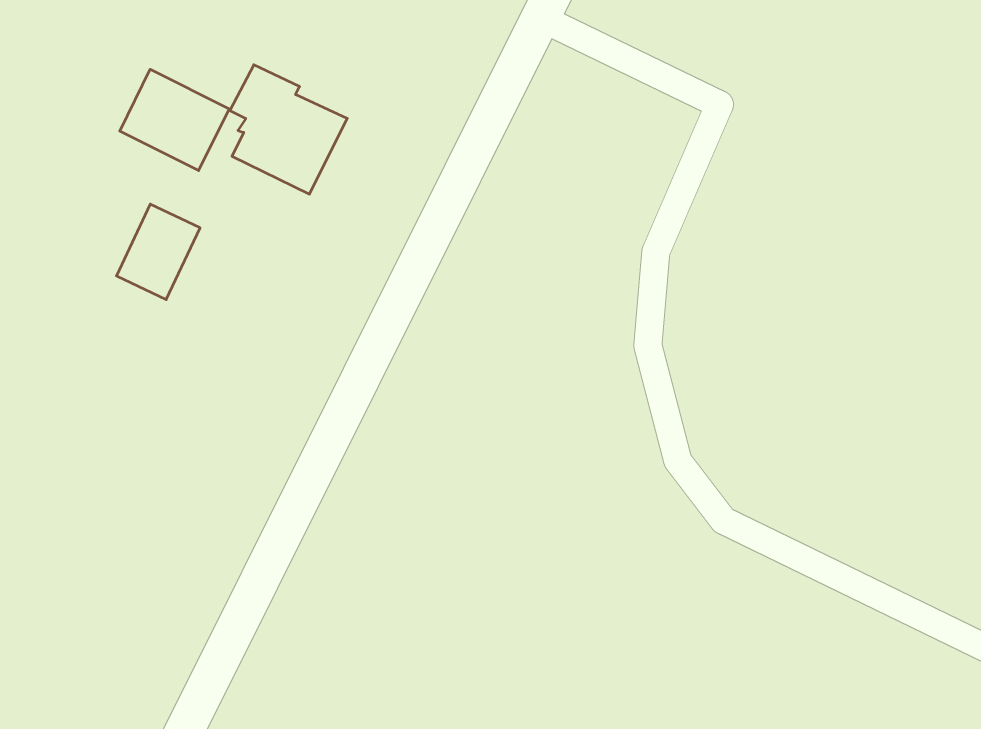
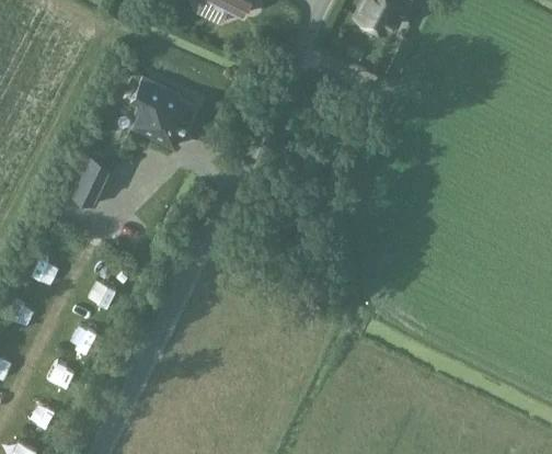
building: [120,69,229,171] -> none

